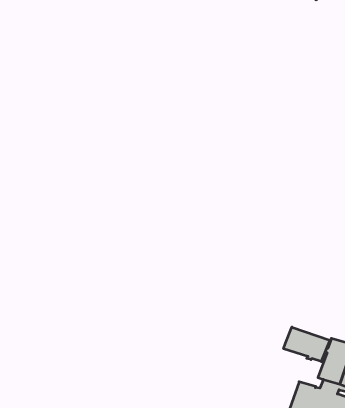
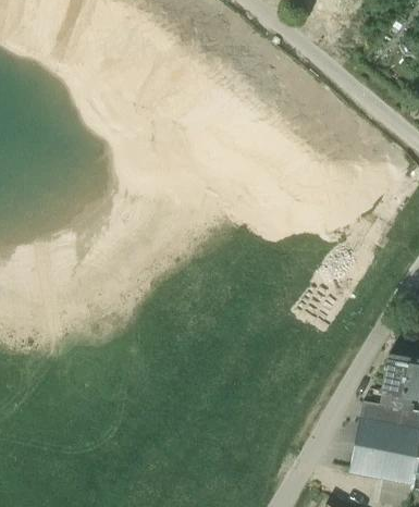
building: [284,327,330,362] -> none

